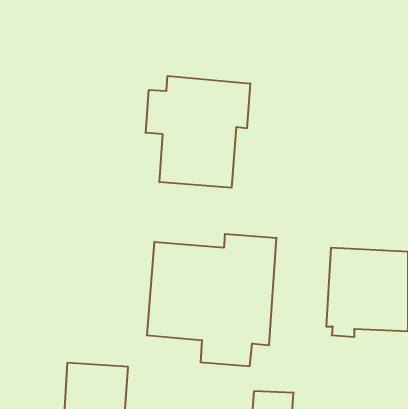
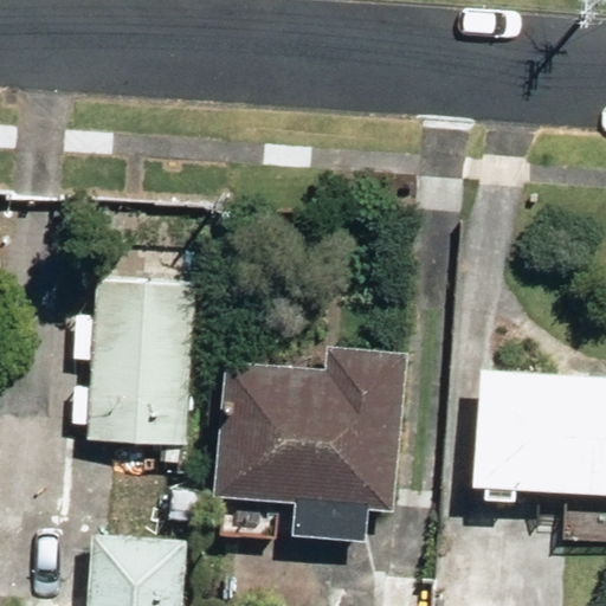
building: [146,76,250,188] -> none
building: none -> [88,282,194,447]

